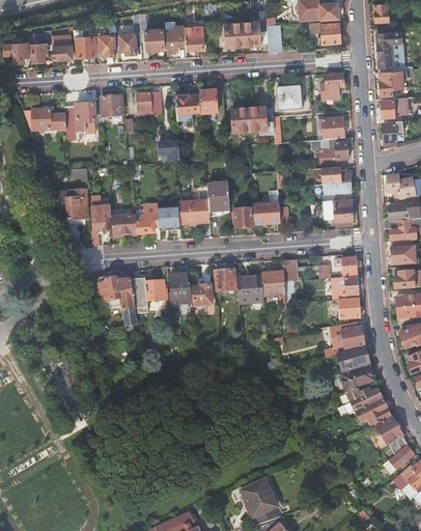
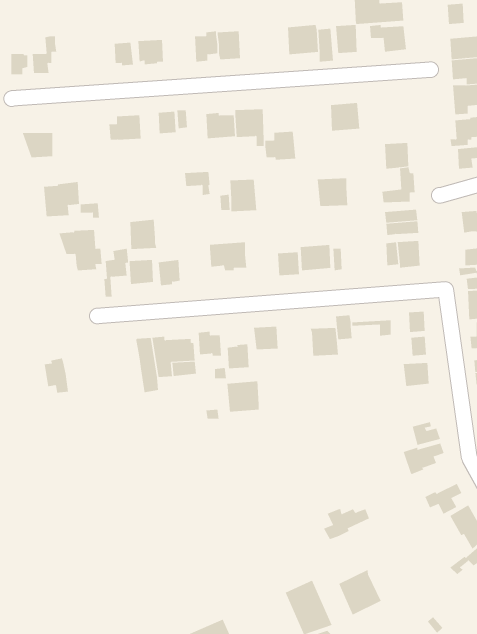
building: [139,11,164,50] -> none
building: [225,23,244,47] -> [335,24,358,53]
building: [52,35,73,59] -> none
building: [76,36,96,57] -> none
building: [320,74,344,100] -> none
building: [64,103,94,132] -> [43,182,80,217]
building: [248,108,274,132] -> [317,178,348,207]
building: [207,184,230,211] -> [229,179,257,212]
building: [158,205,180,230] -> [129,219,157,249]
building: [236,275,263,301] -> [227,381,259,412]
building: [101,277,121,306] -> [44,358,69,393]
building: [339,322,365,348] -> none
building: [342,388,381,414] -> [323,509,370,540]
building: none -> [339,569,382,615]

